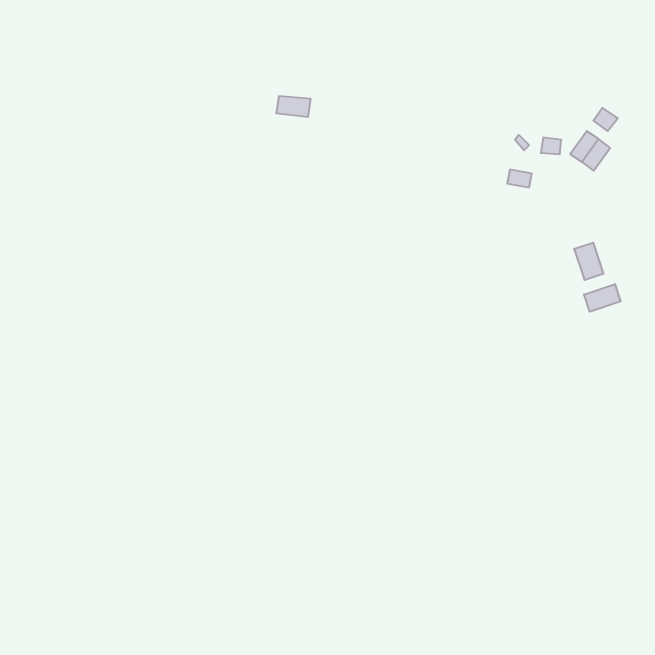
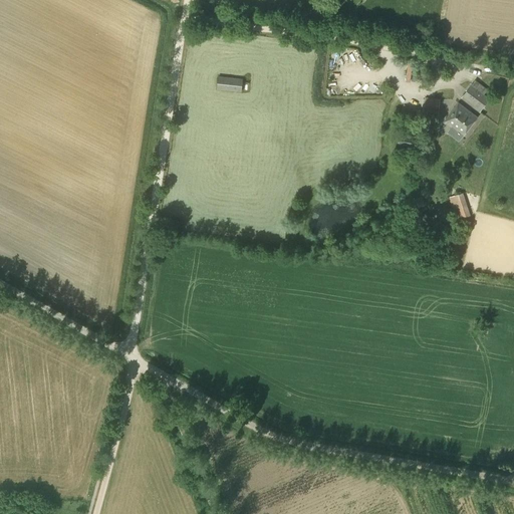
building: [584,284,621,312] -> none

